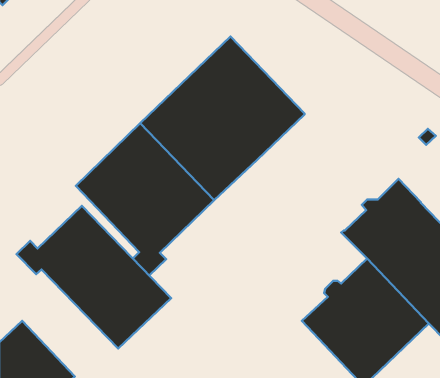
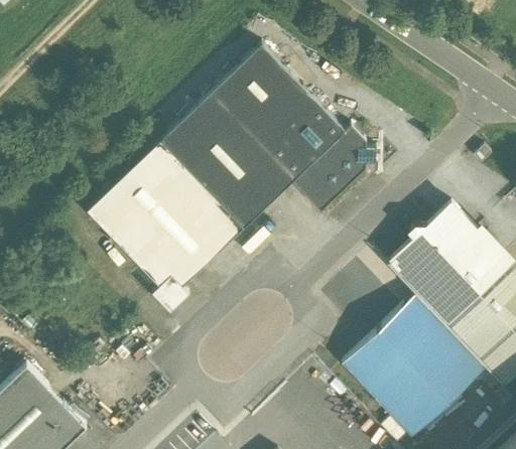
building: none -> [291,125,375,212]
building: [17,206,171,349] -> none

